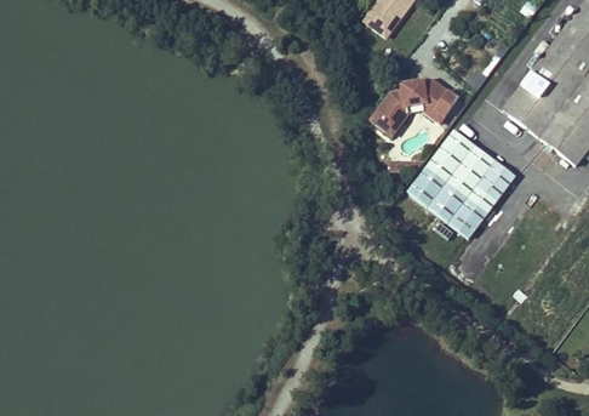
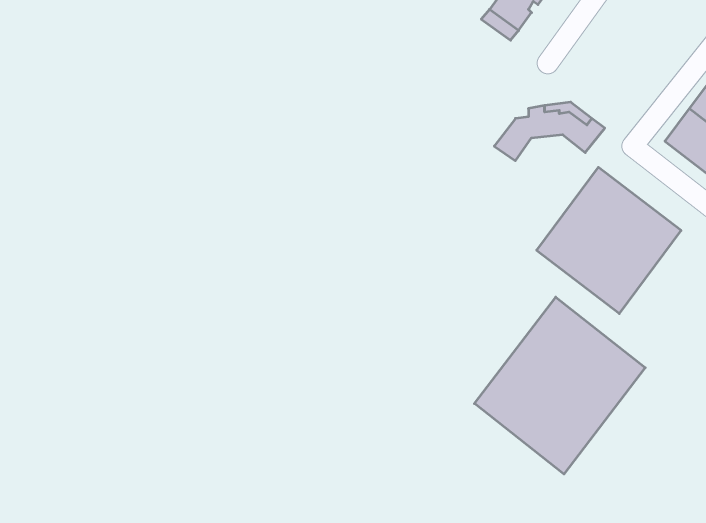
building: [371,104,444,136] -> none
building: none -> [474,297,645,474]

